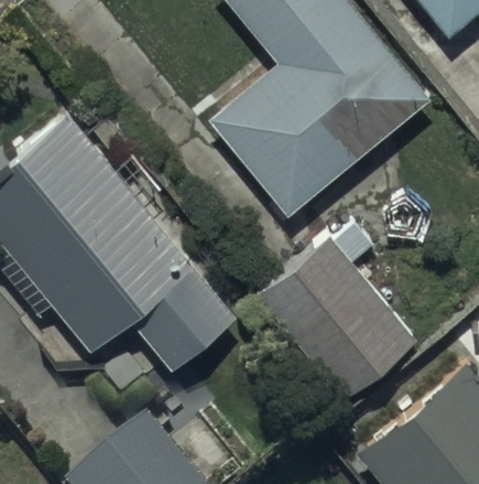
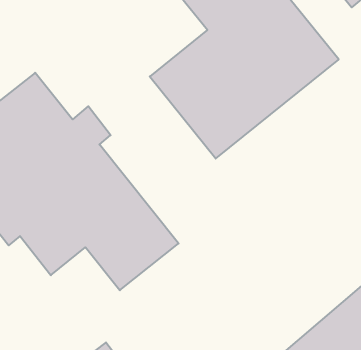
building: [257,223,415,402] -> none

